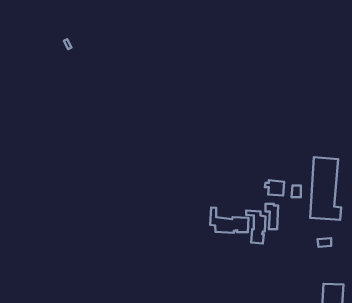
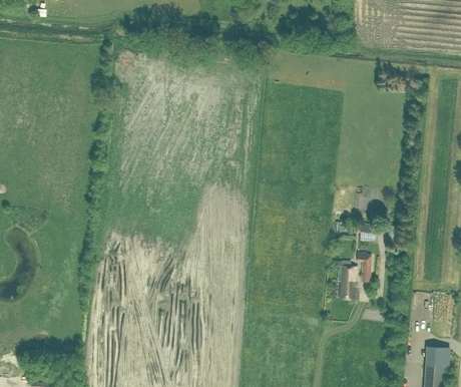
building: [310,157,341,220] -> none
building: [210,207,249,233] -> none

